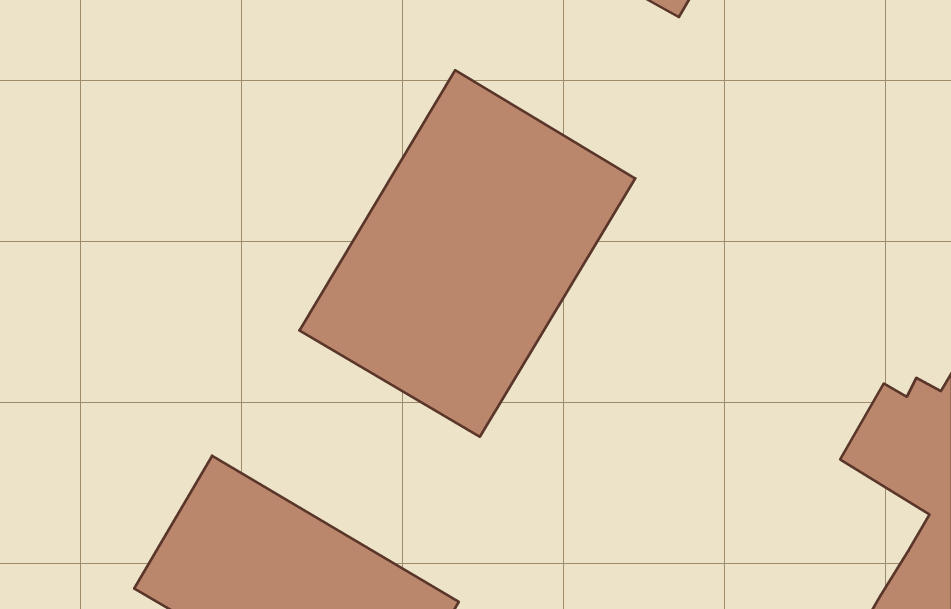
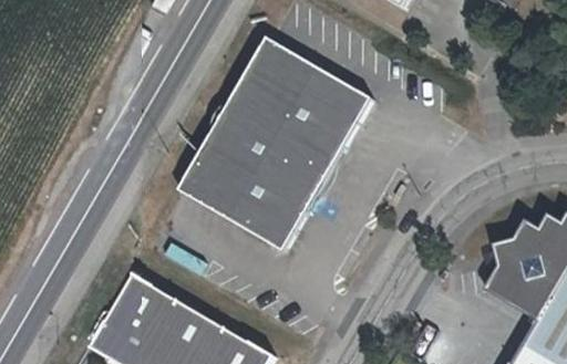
building: none -> [485,268,549,321]

